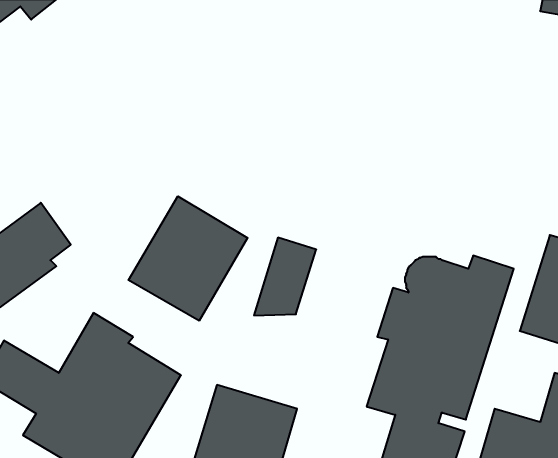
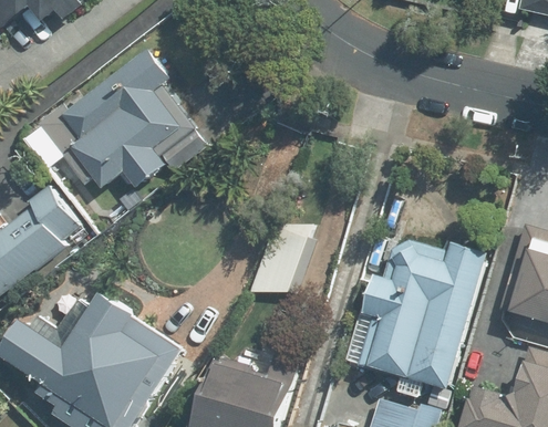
building: none -> [21,46,201,196]
building: [128,196,248,321] -> none

